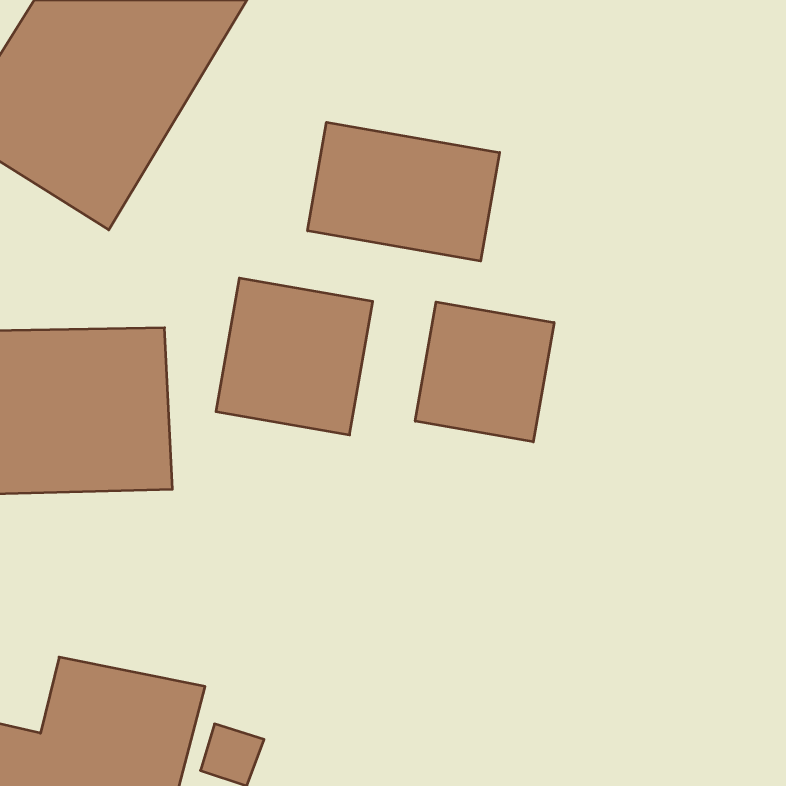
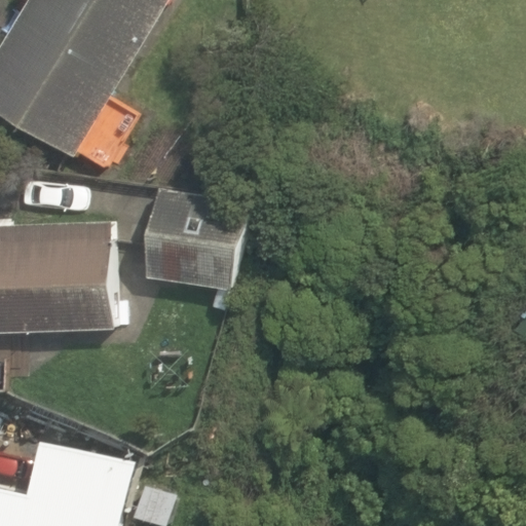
building: [308,122,500,261] -> none
building: [415,302,554,442] -> none

